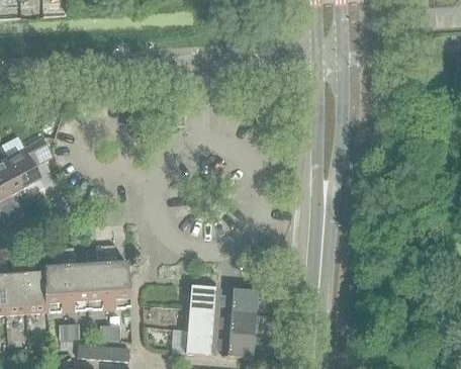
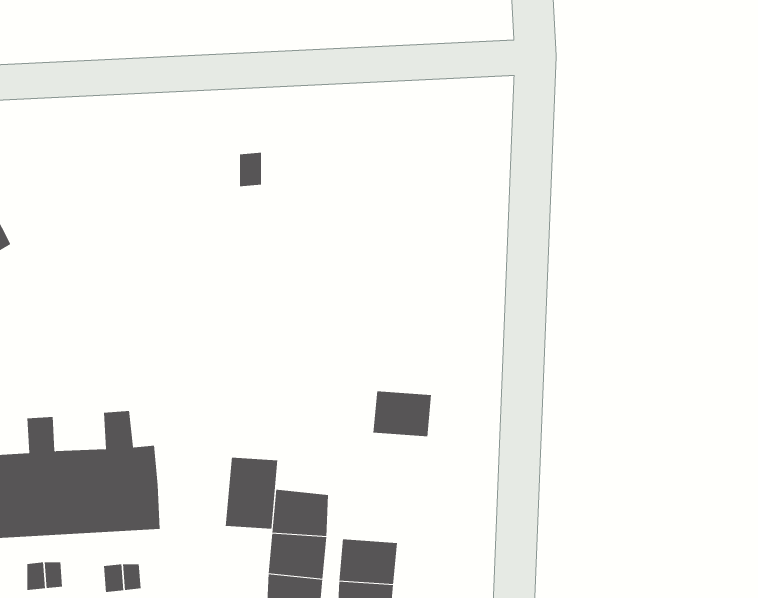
building: none -> [225,457,278,530]
building: [226,289,258,313] -> [373,391,432,437]

